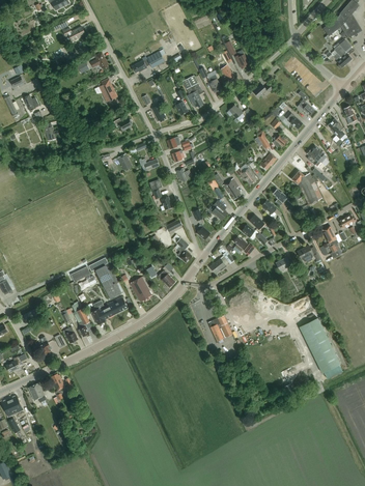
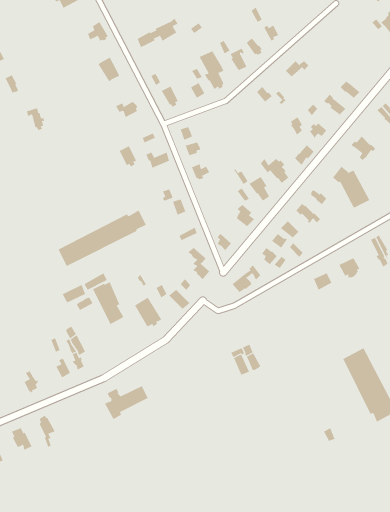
building: none -> [58,210,146,267]
building: [91,297,128,325] -> [104,386,149,420]

